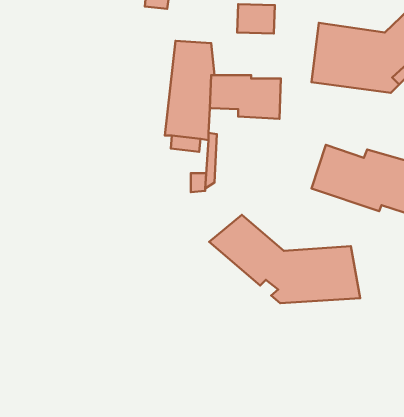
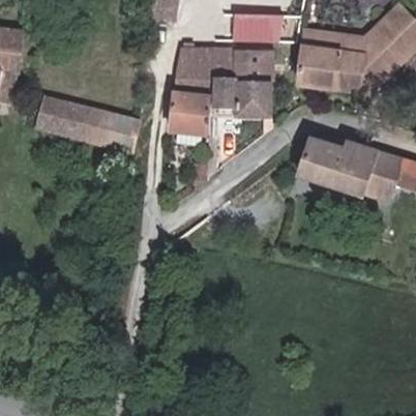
building: none -> [210,49,271,80]
building: none -> [38,97,138,149]
building: [209,215,360,303] -> none

